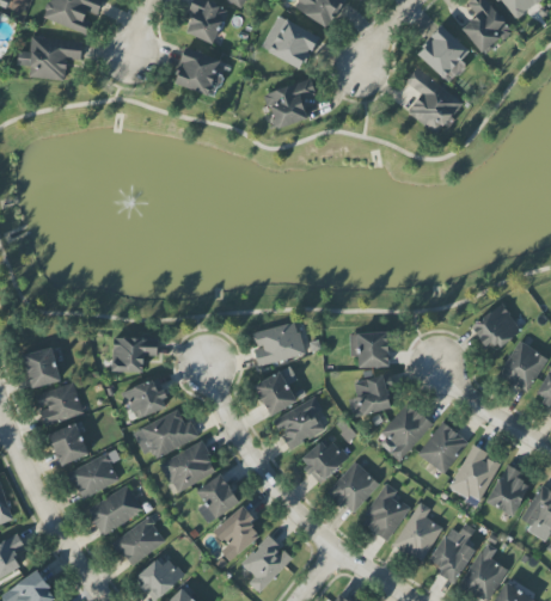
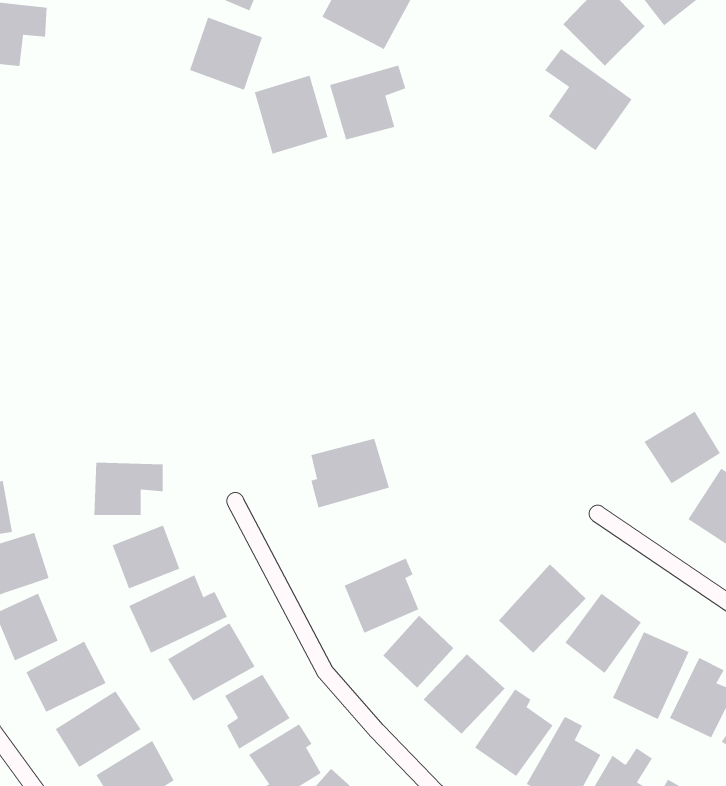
building: none -> [254,75,328,155]
building: [350,332,388,367] -> none
building: [255,367,296,415] -> none
building: [349,375,392,416] -> none

